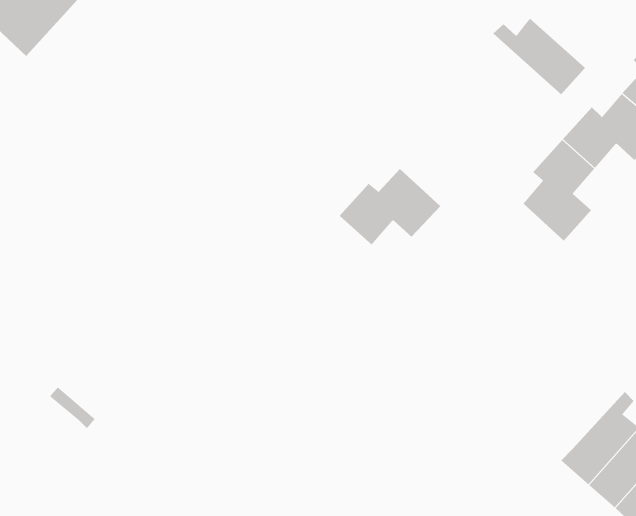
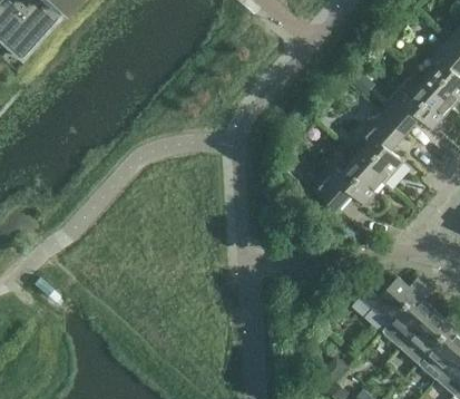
building: [493,18,586,95] -> none
building: [339,168,441,246] -> [316,158,385,211]
building: none -> [361,276,427,324]

